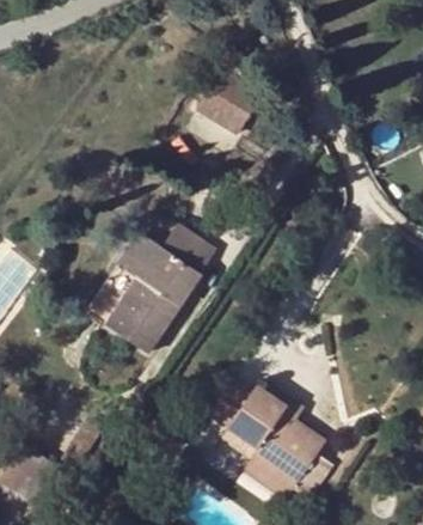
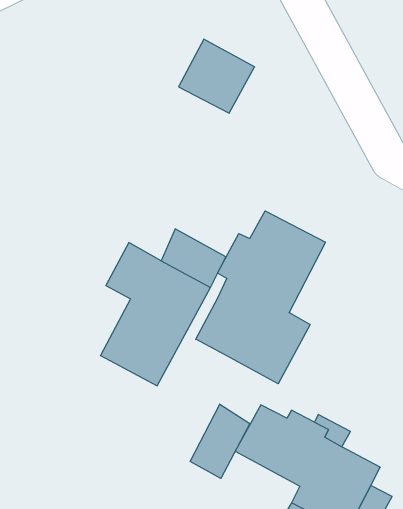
building: none -> [196,211,325,384]
building: none -> [190,404,250,478]

